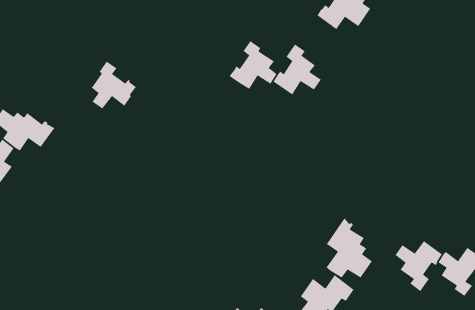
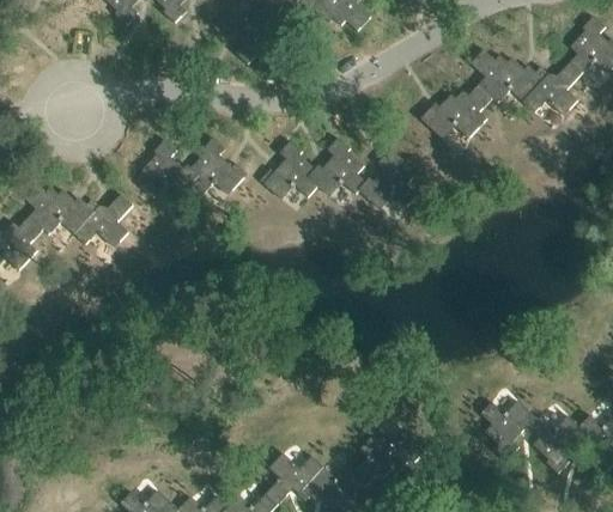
building: none -> [259,141,317,200]
building: none -> [188,138,247,196]
building: none -> [73,194,132,248]
building: [326,218,373,279] -> none

